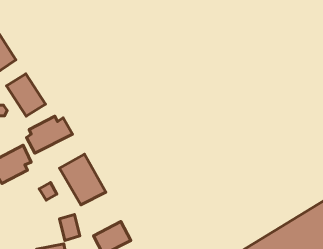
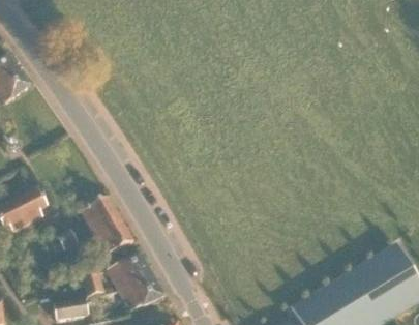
building: [7,74,45,116] -> none
building: [27,116,72,153] -> none
building: none -> [107,252,150,290]

